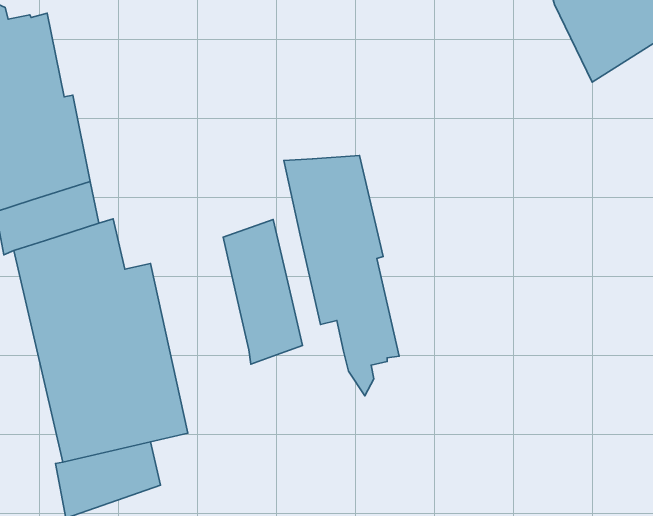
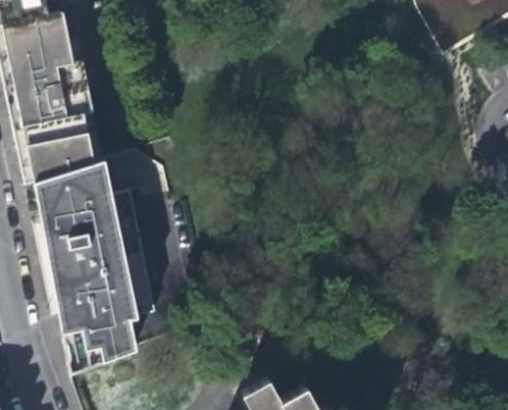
building: [284,156,399,396] -> none
building: [223,220,302,364] -> none

